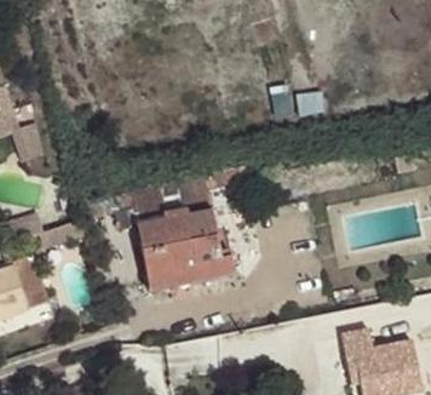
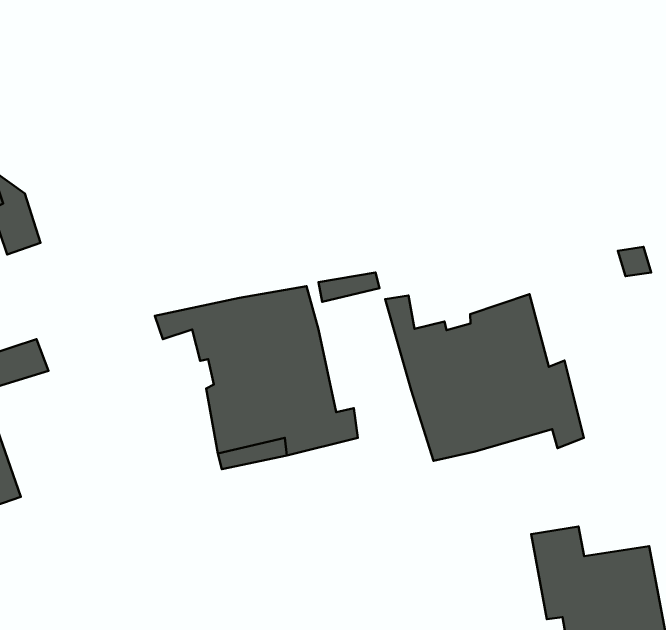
building: none -> [385,294,584,461]

